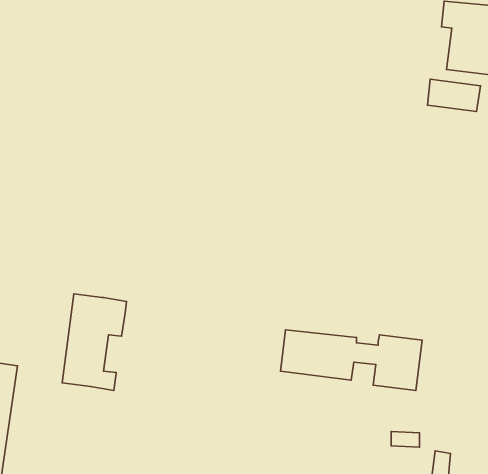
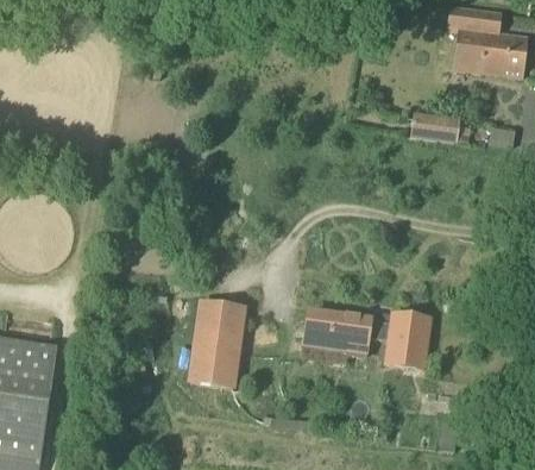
building: [428,79,480,112] -> [409,113,458,143]
building: [62,294,127,390] -> [187,300,246,389]

